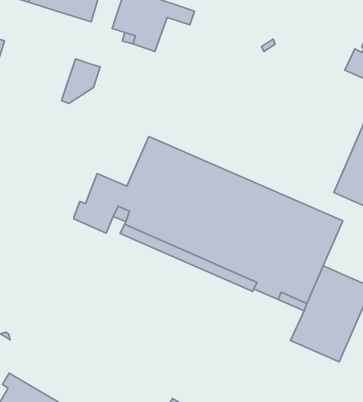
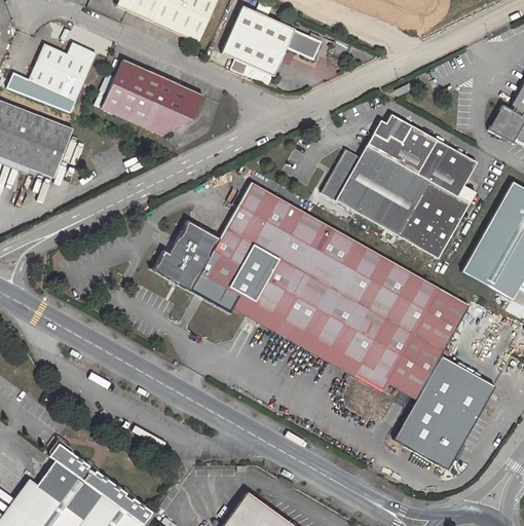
building: none -> [102,60,176,130]
building: none -> [322,114,476,259]

